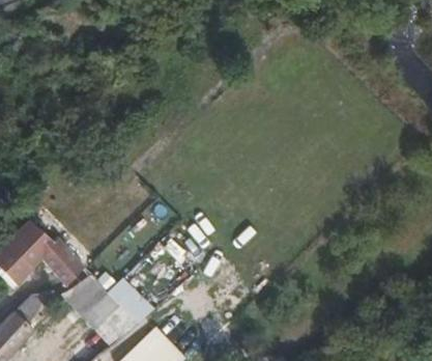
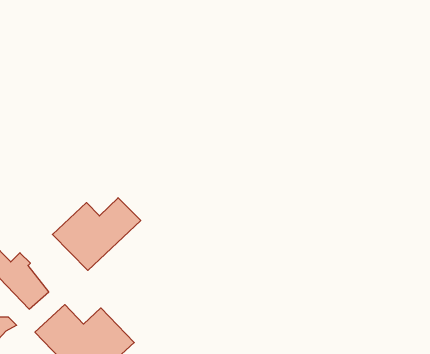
building: none -> [52,198,141,270]

